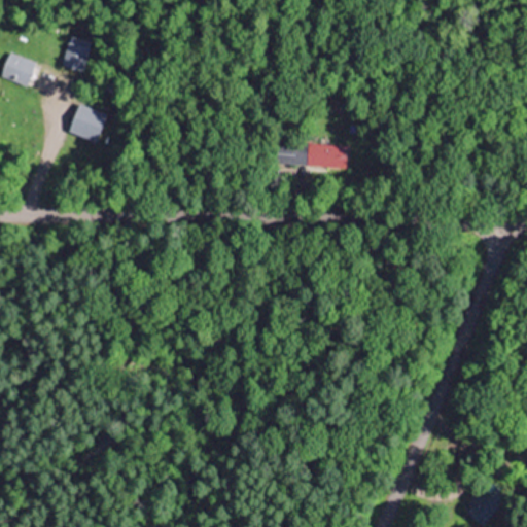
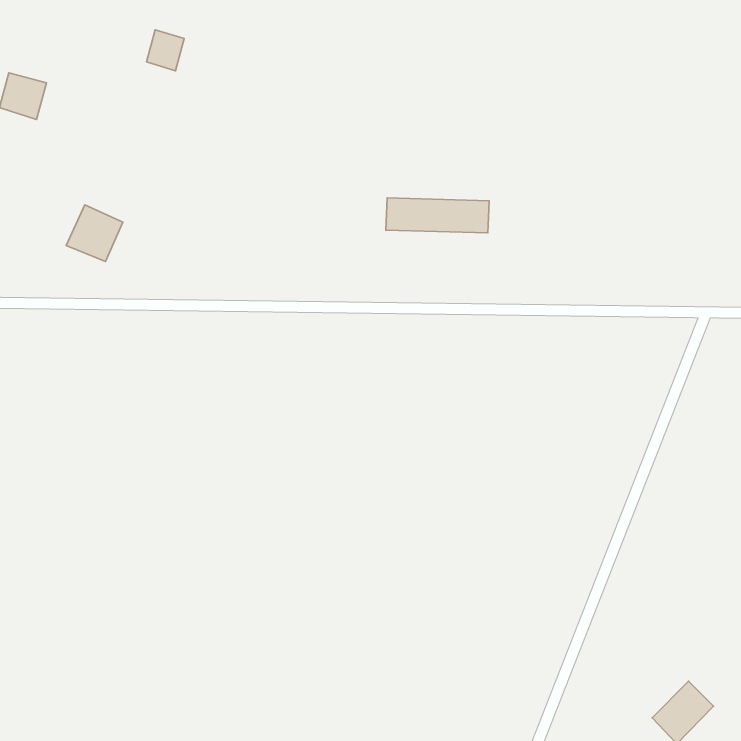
building: [63,43,90,72] -> [146,30,184,71]
building: [68,103,108,143] -> [66,205,123,262]

